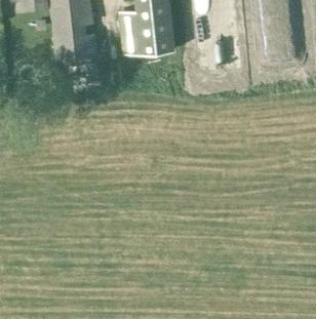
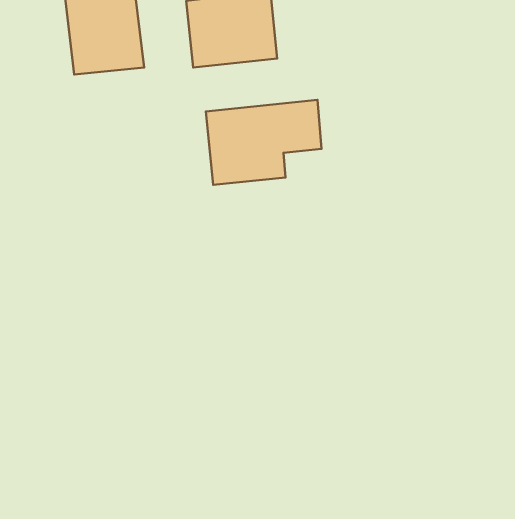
building: none -> [206,100,321,185]

